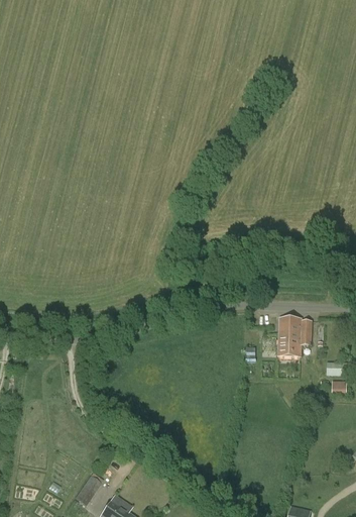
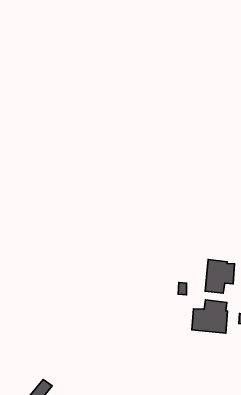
building: none -> [192,300,227,333]

